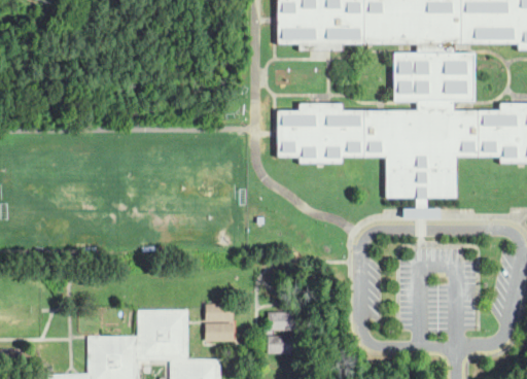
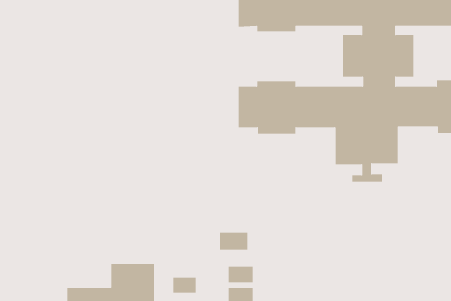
building: none -> [220,232,248,251]
building: [205,304,232,321] -> none

